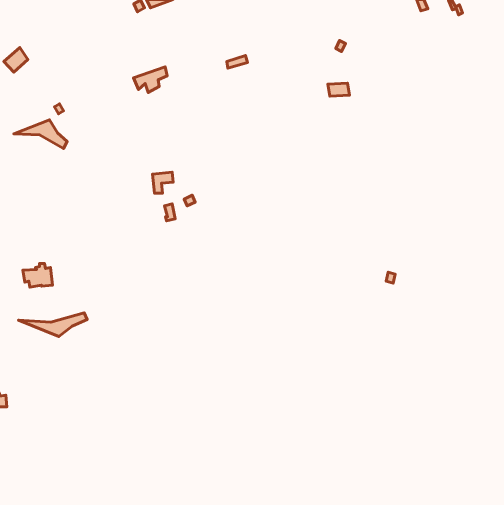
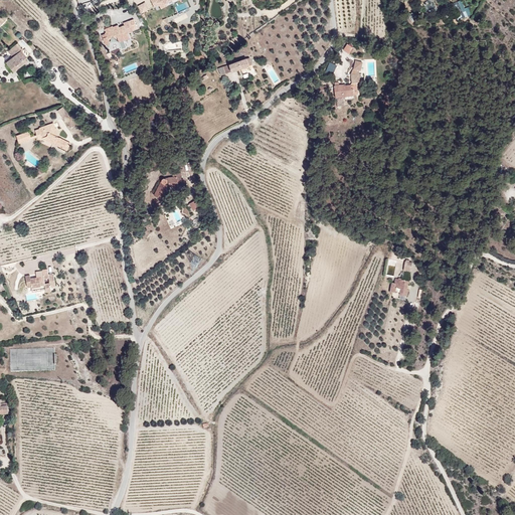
building: [133,67,167,93] -> [104,18,138,44]
building: [18,313,87,336] -> none

